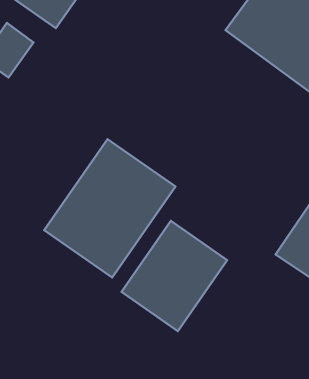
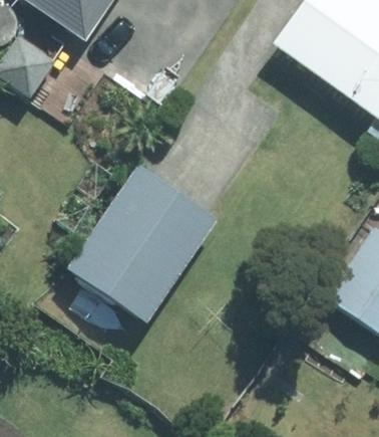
building: [122,221,227,331] -> none

